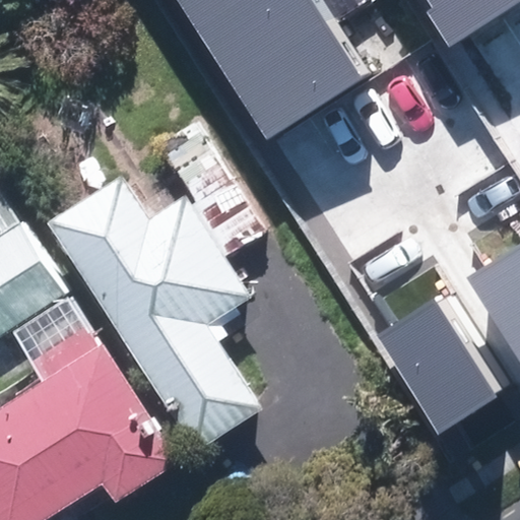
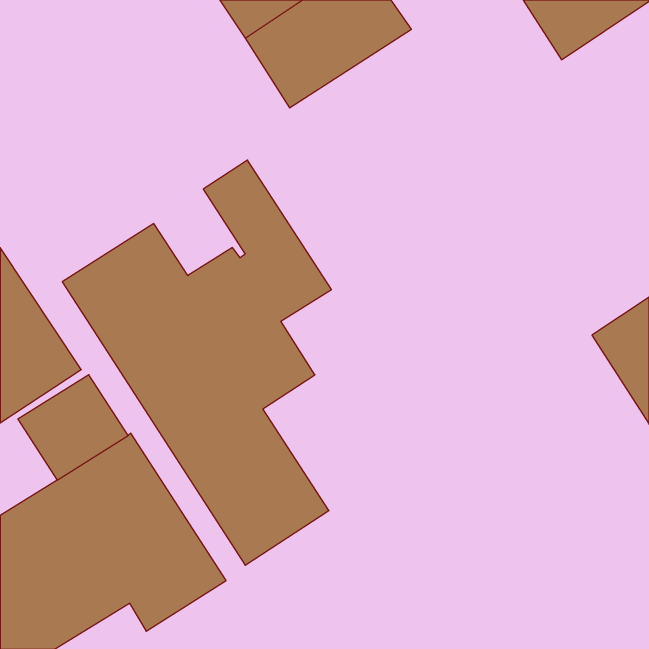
building: [232,23,364,139] -> none
building: [379,290,500,426] -> none

